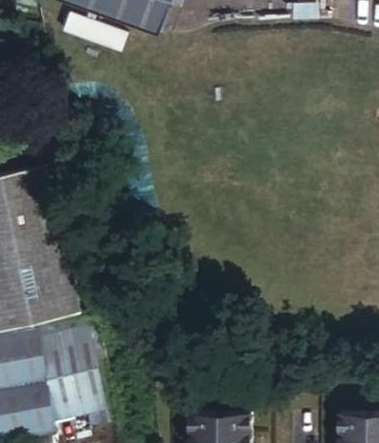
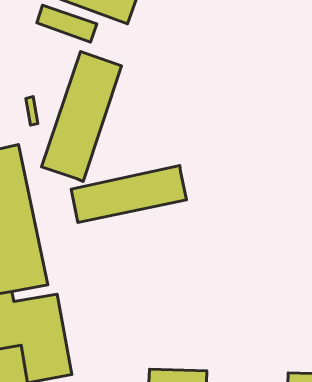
building: none -> [41,51,121,181]
building: none -> [71,166,187,223]

